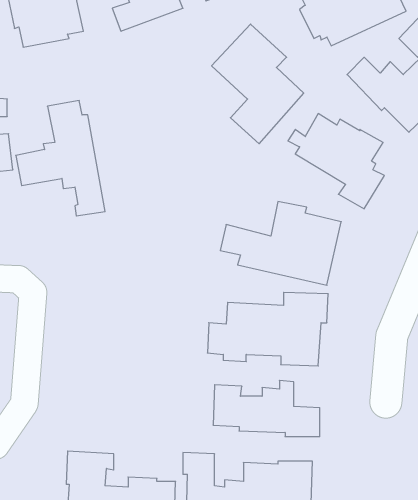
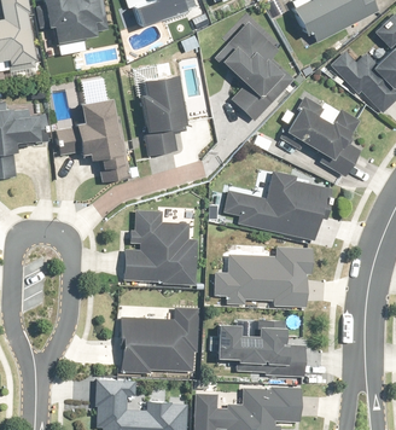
building: none -> [140,74,185,156]
building: none -> [123,211,197,285]
building: none -> [120,308,199,373]

